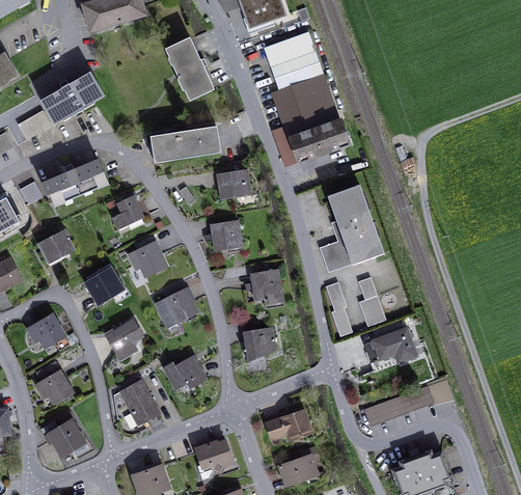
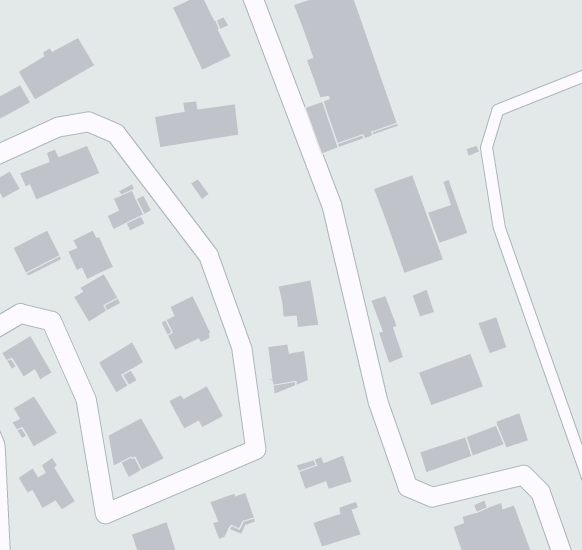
building: [216,168,251,199] -> none
building: [211,220,241,250] -> none
building: [319,220,352,272] -> [427,179,468,243]
building: [129,236,166,276] -> [67,230,114,280]
building: [361,295,385,325] -> [478,317,507,354]

